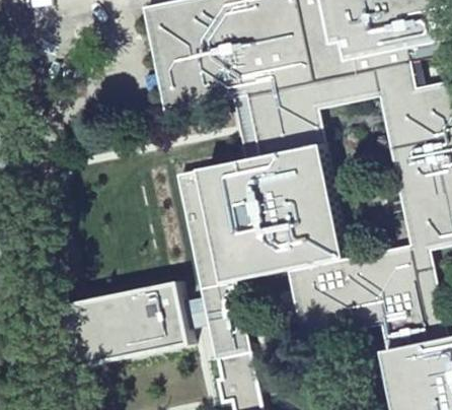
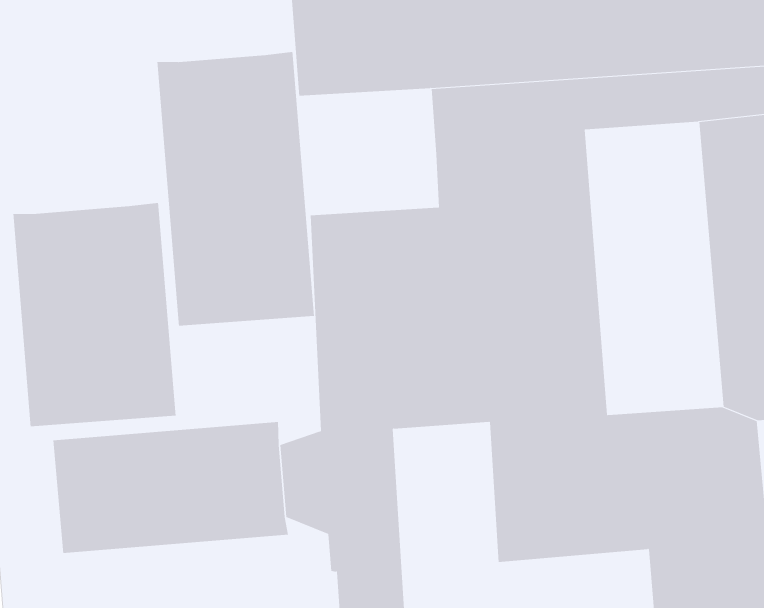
building: none -> [157,51,315,326]
building: none -> [13,202,176,427]

